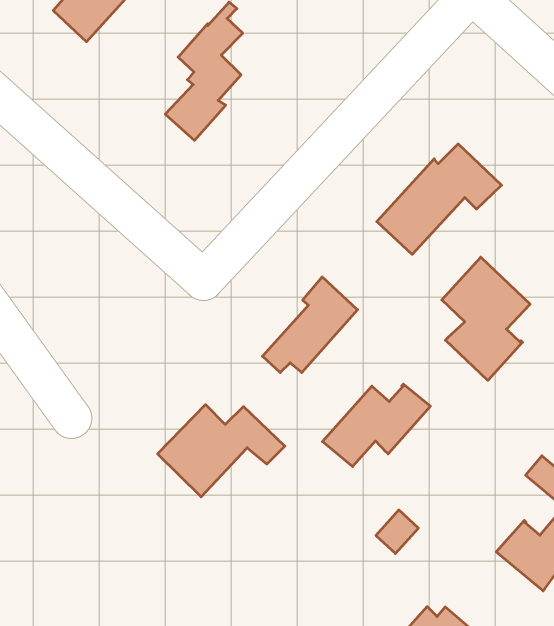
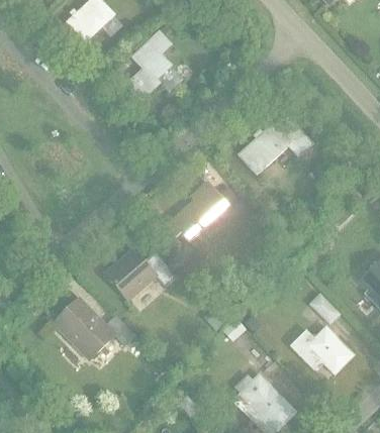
building: [442,257,530,380] -> none
building: [322,384,430,467] -> none
building: none -> [54,298,134,359]

